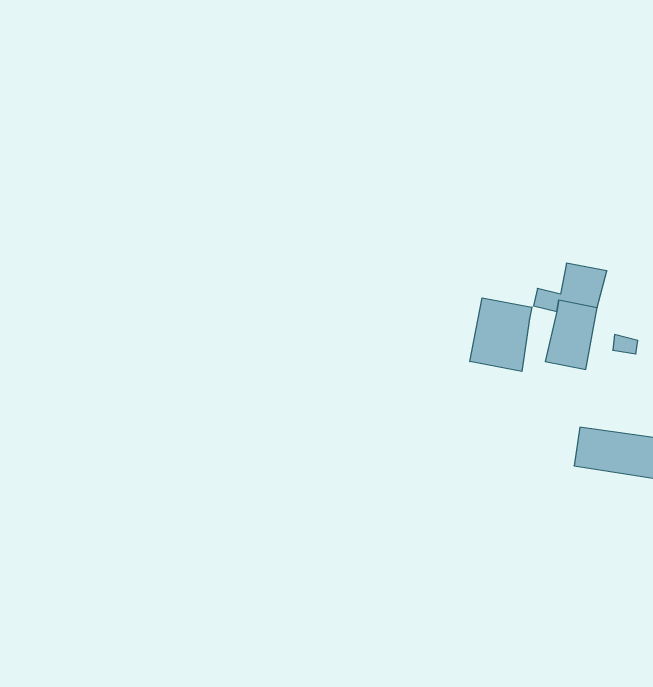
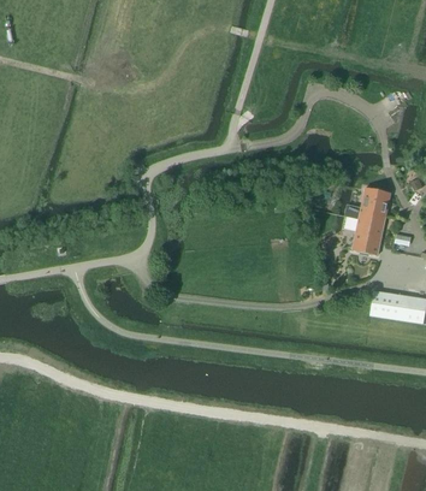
building: [470,298,532,371] -> none

